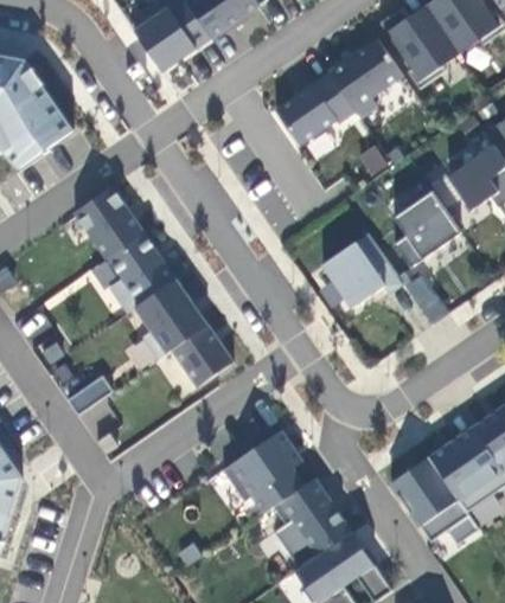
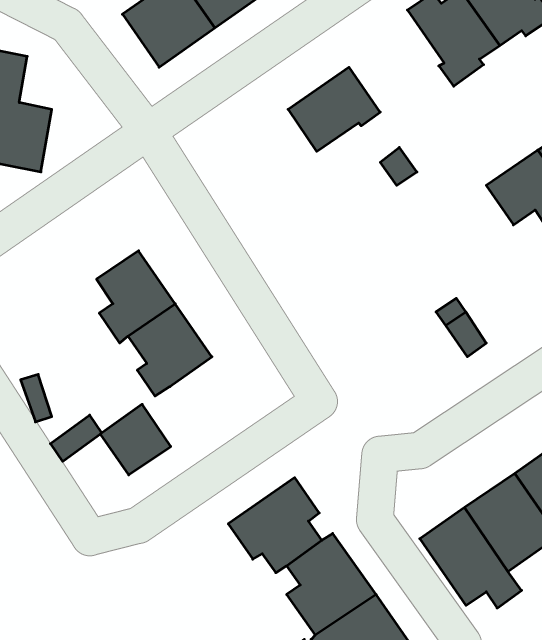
building: [328,38,403,117] -> none
building: [73,186,145,258] -> none
building: [394,191,461,268] -> none
building: [321,233,403,308] -> none
building: [172,325,234,386] -> [100,404,171,475]

